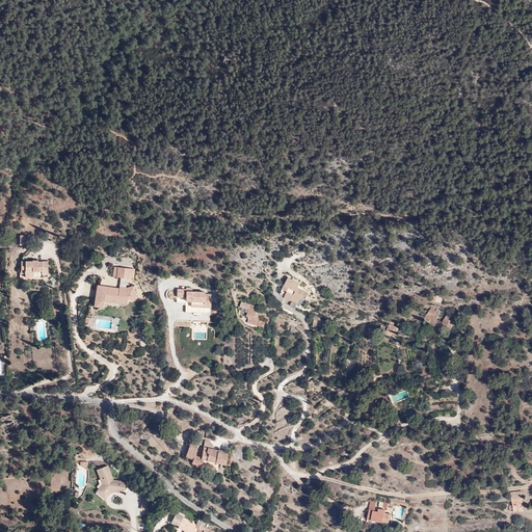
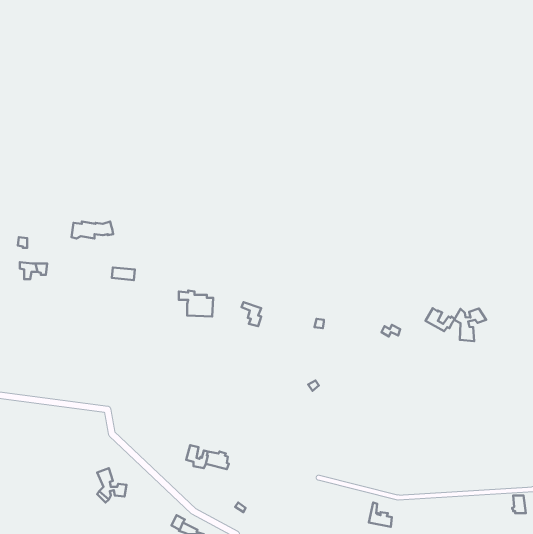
building: [281,276,309,304] -> none
building: [96,288,137,304] -> [71,222,113,238]
building: none -> [454,308,486,341]

